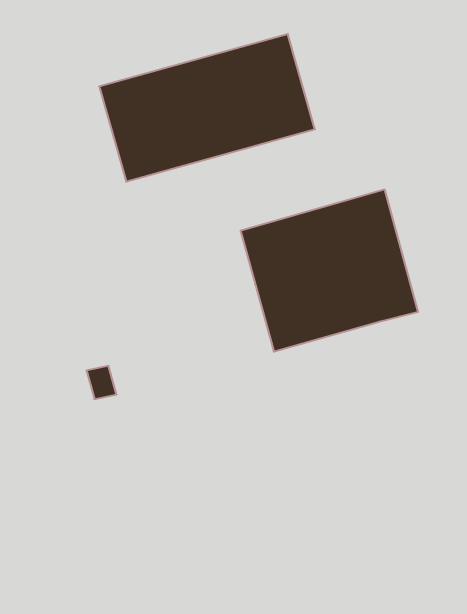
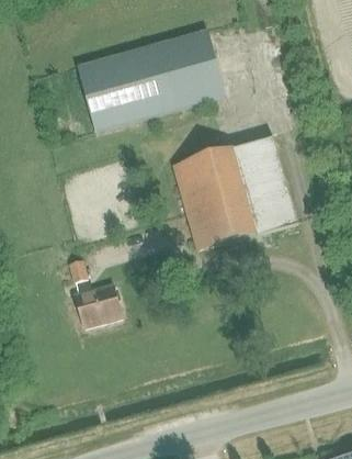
building: none -> [73,284,121,328]

